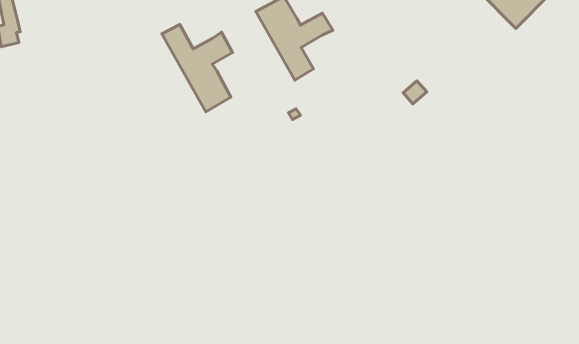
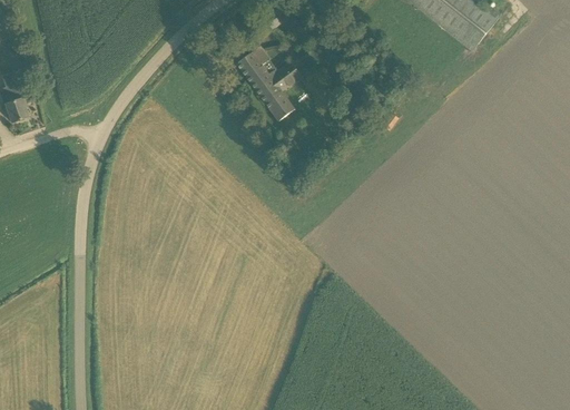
building: [162,25,232,112] -> none

